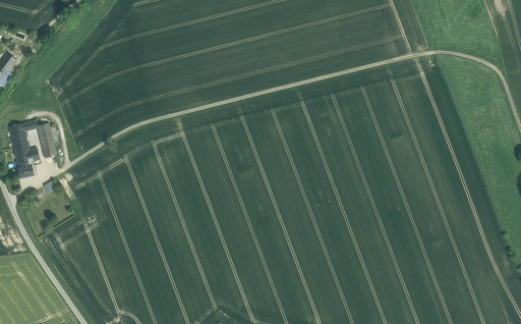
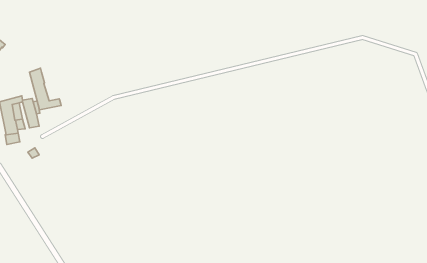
building: none -> [30,68,61,110]

